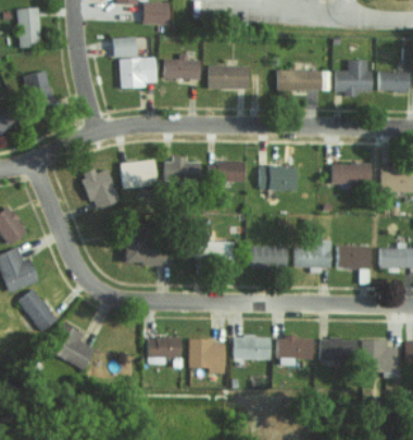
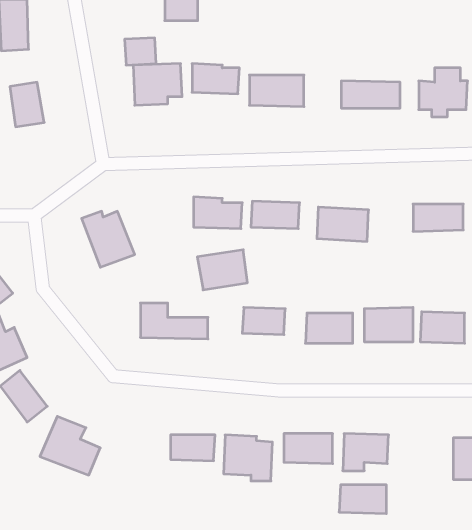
building: [120,159,158,189] -> [197,250,247,290]
building: [320,339,355,361] -> [339,485,386,514]

